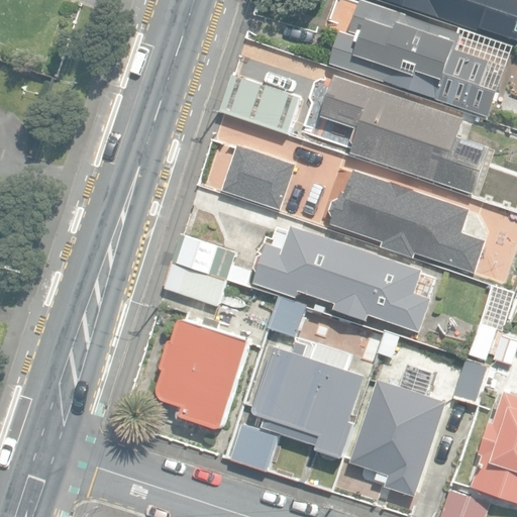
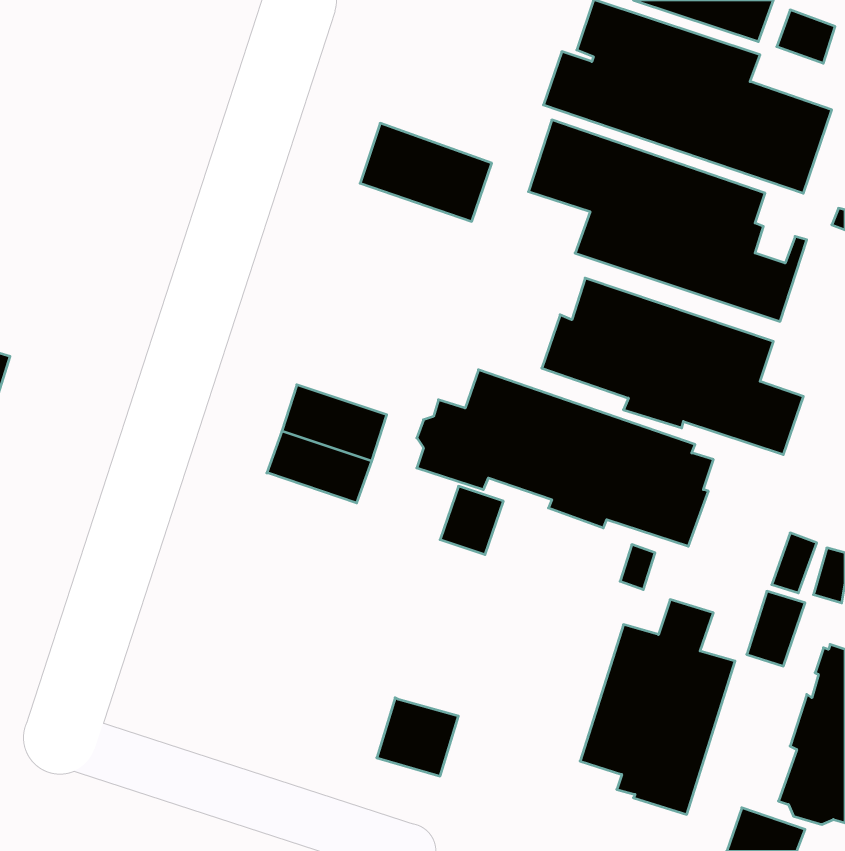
building: [220,143,294,208] -> none
building: [159,319,248,427] -> none
building: [255,341,366,459] -> none

